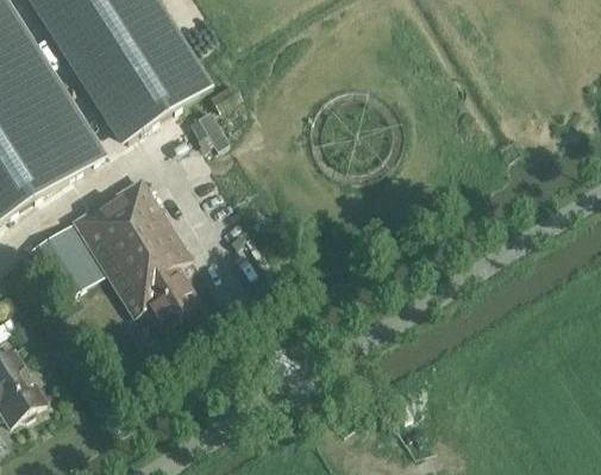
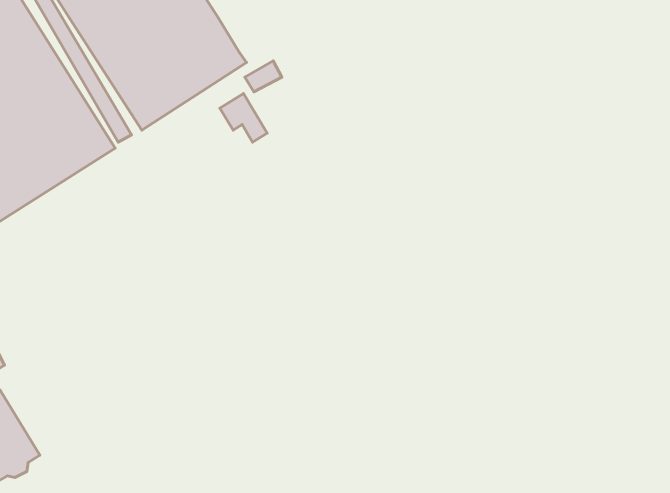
building: [23,176,199,329] -> none

